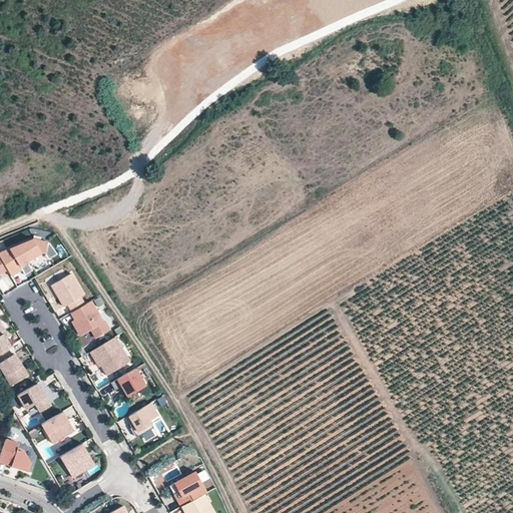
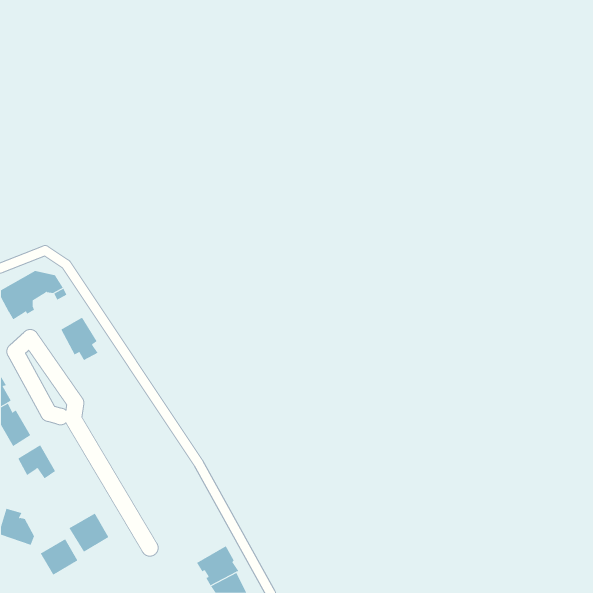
building: [71,301,110,338] -> none
building: [90,337,129,375] -> none
building: [110,369,145,397] -> none
building: [129,403,158,437] -> none
building: [41,411,74,443] -> [40,538,78,576]

